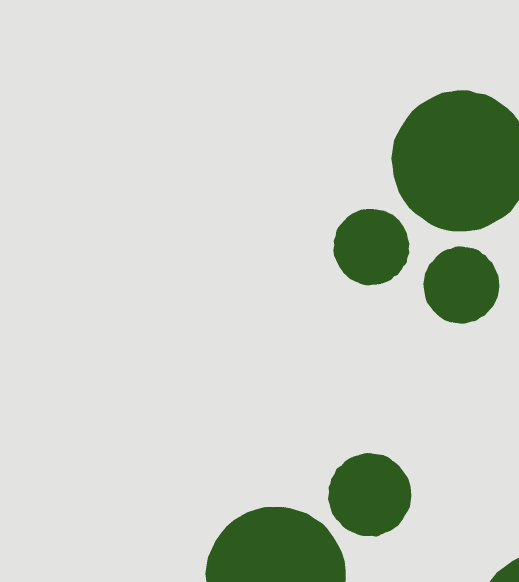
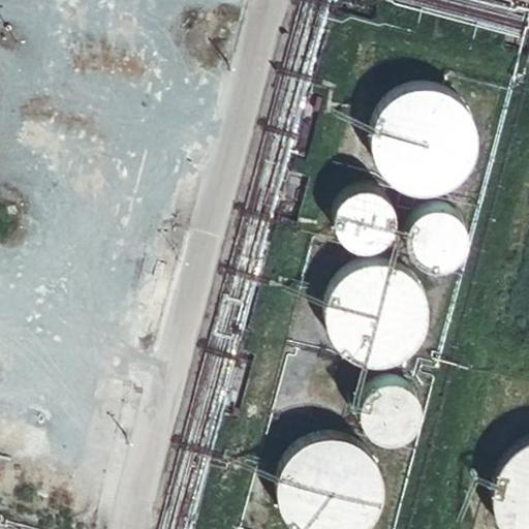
building: none -> [323,260,435,372]

